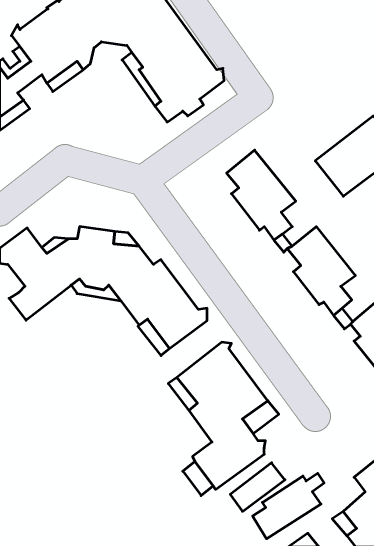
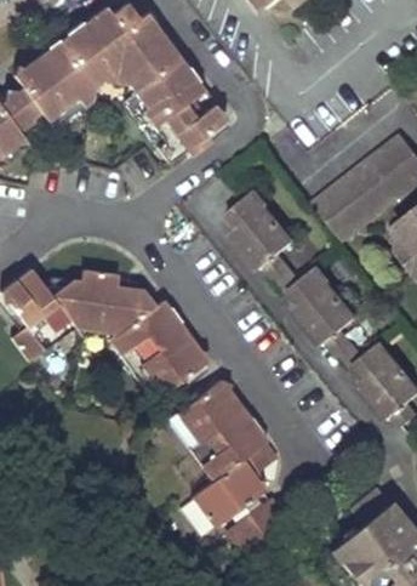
building: [253,473,324,539] -> none

